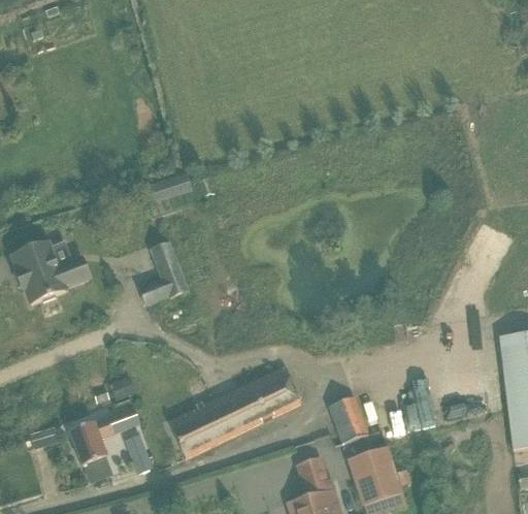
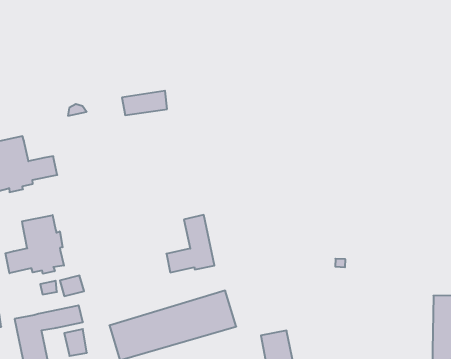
building: [138,240,190,306] -> [166,215,214,272]
building: none -> [5,215,64,274]

